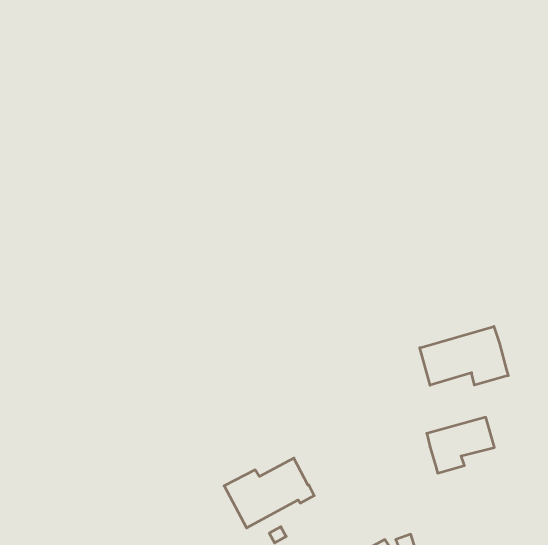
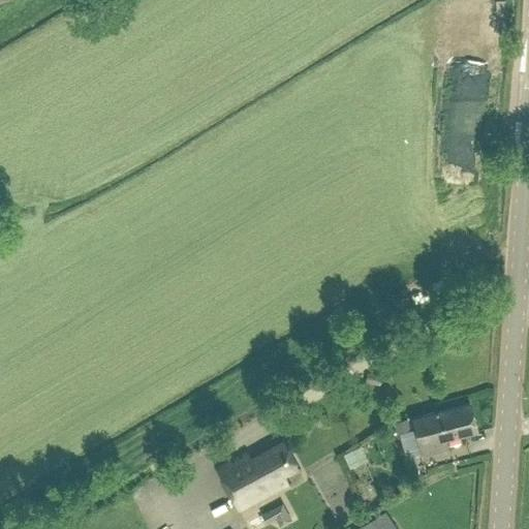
building: [420,326,508,385] -> none

